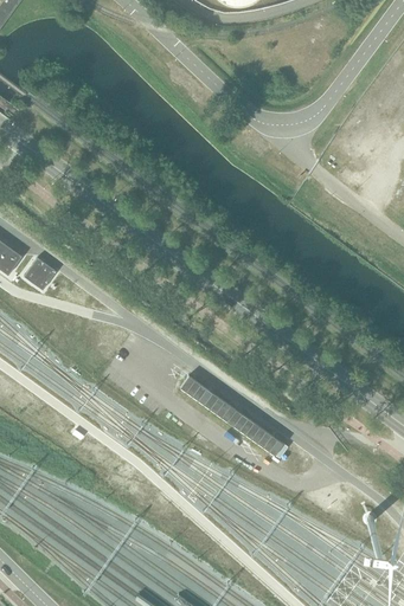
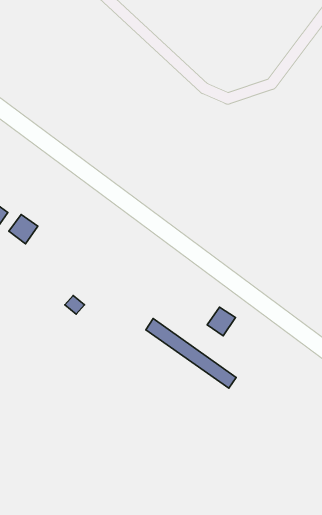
building: none -> [207,307,235,336]

